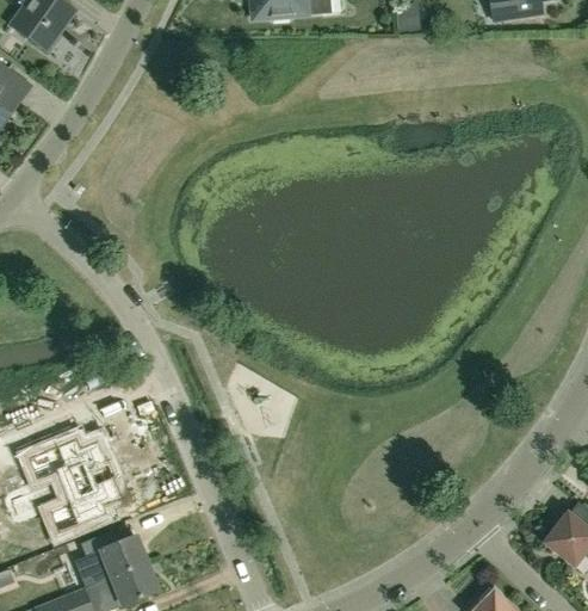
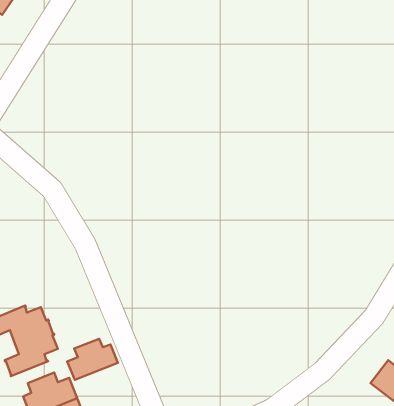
building: none -> [67,339,118,380]

